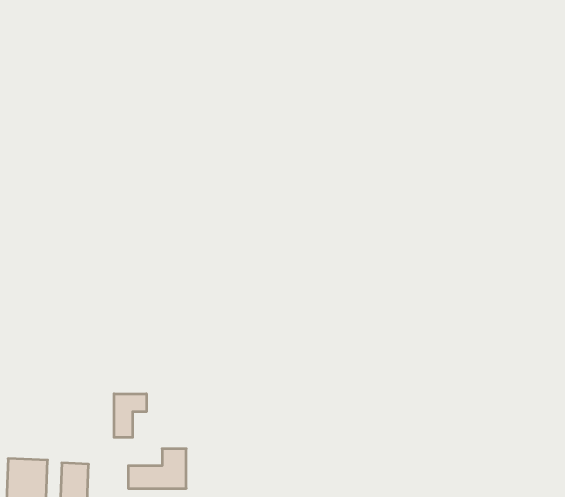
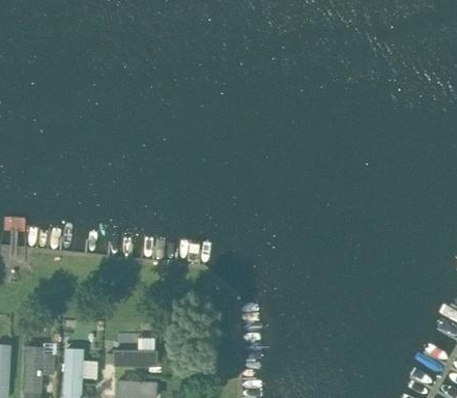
building: [114,394,146,437] -> none

